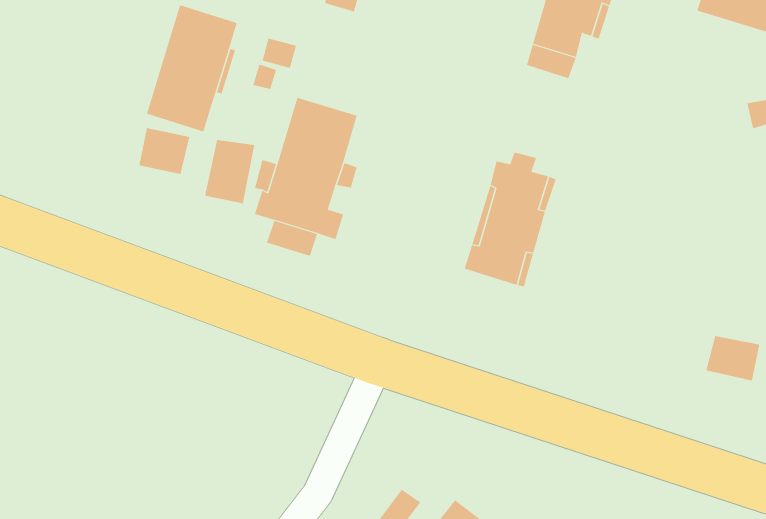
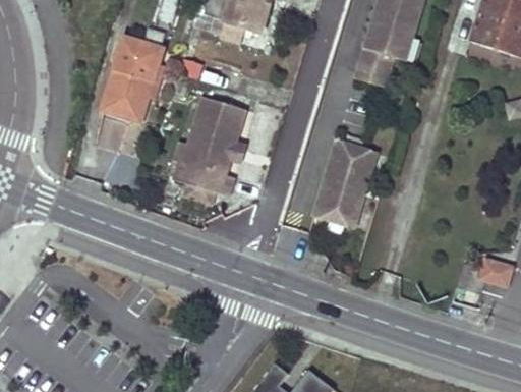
building: [204,139,255,204] -> none

